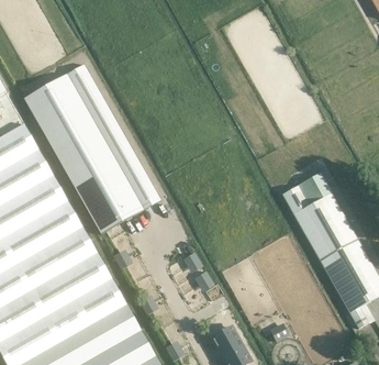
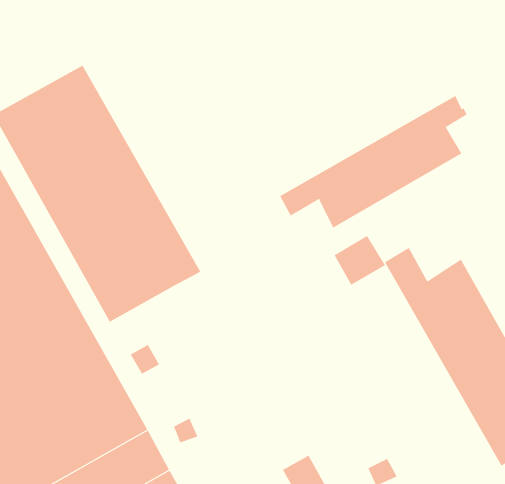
building: none -> [279,95,467,229]
building: [298,170,332,203] -> [334,235,386,285]

